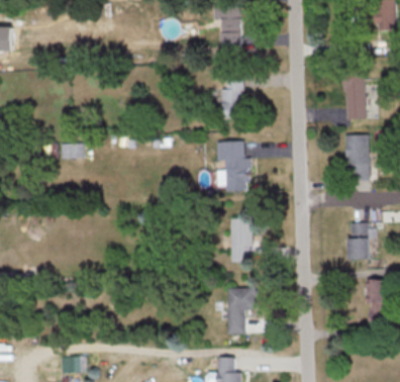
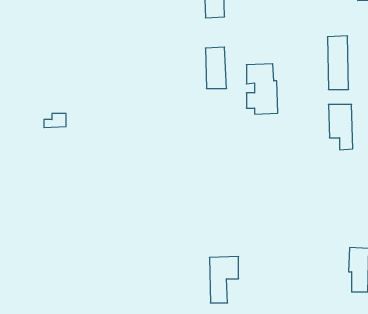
building: [217,140,248,191] -> [246,64,278,114]
building: [230,218,252,262] -> none
building: [349,222,377,260] -> none

